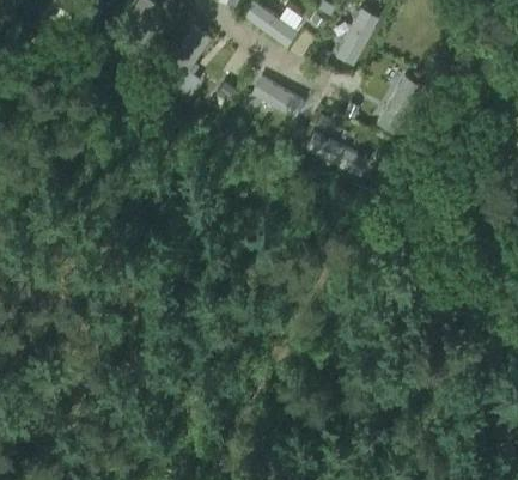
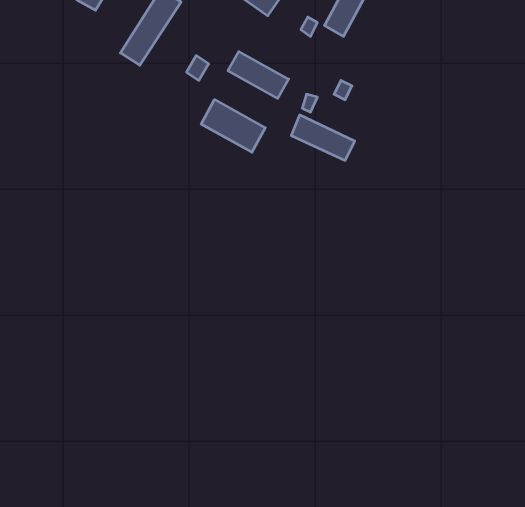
building: [378,75,422,133] -> none
building: none -> [201,100,265,152]

